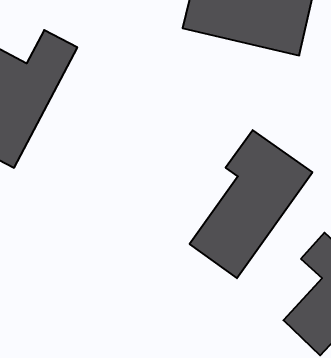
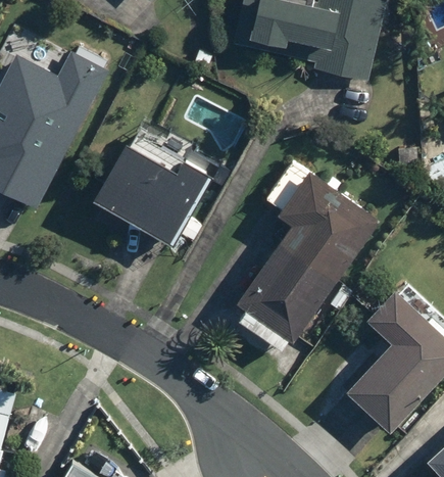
building: none -> [95,141,215,244]

